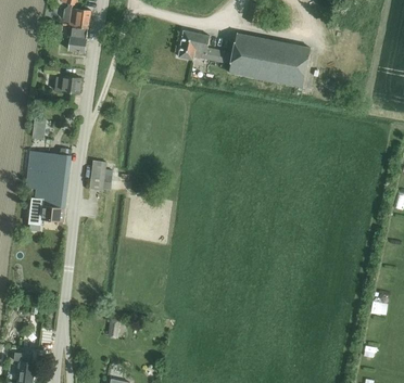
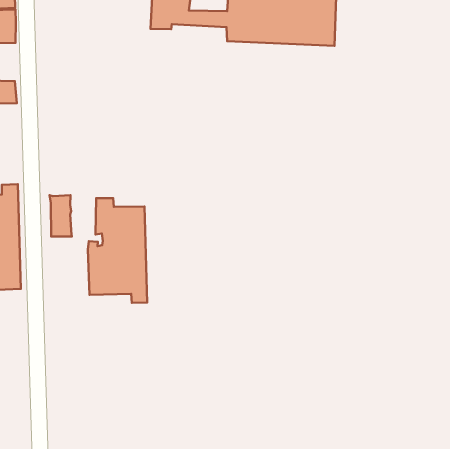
building: none -> [88,198,147,303]

